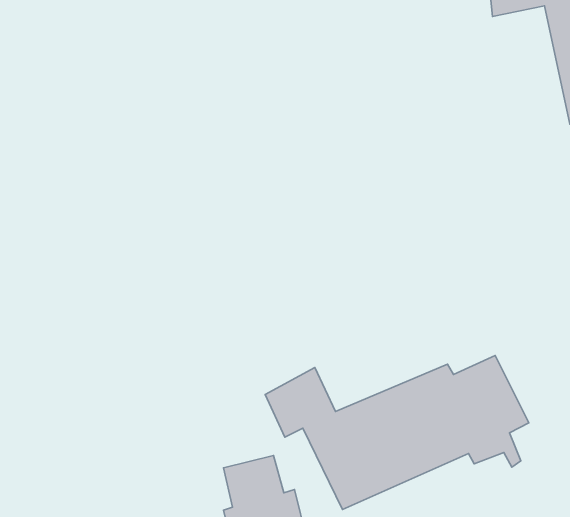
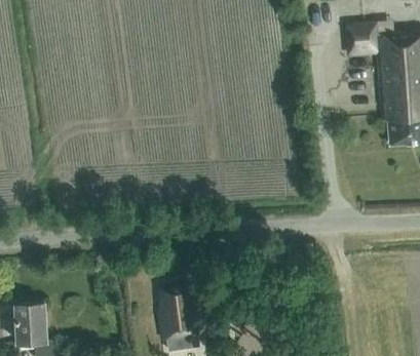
building: [265,355,529,510] -> none

